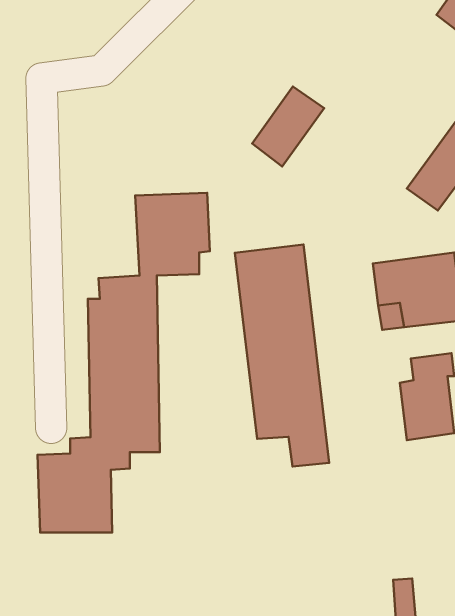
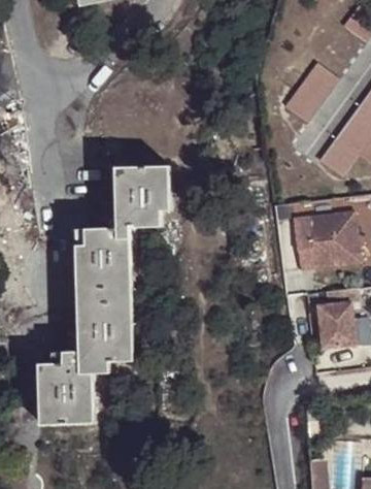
building: [252,86,324,167] -> [284,63,339,124]
building: [235,244,329,466] -> none

